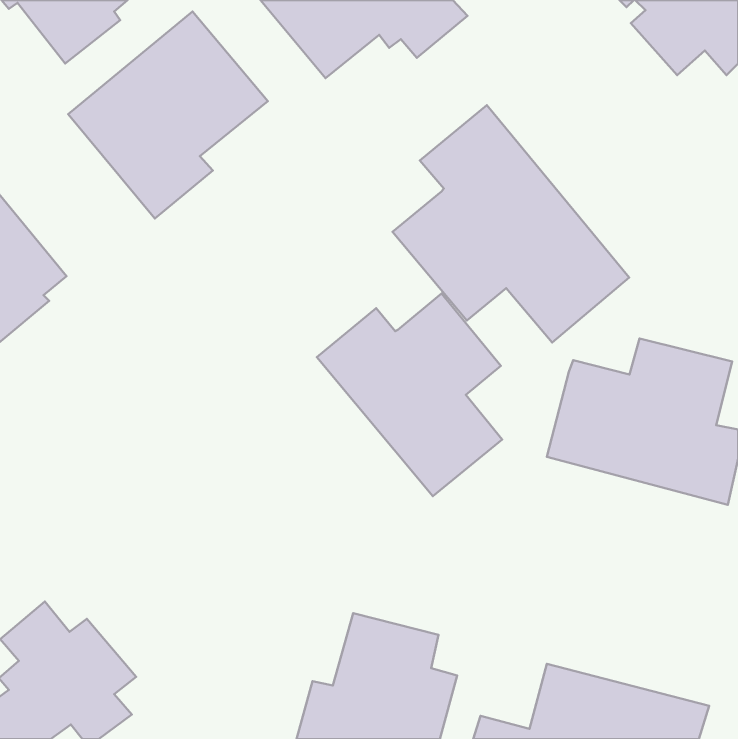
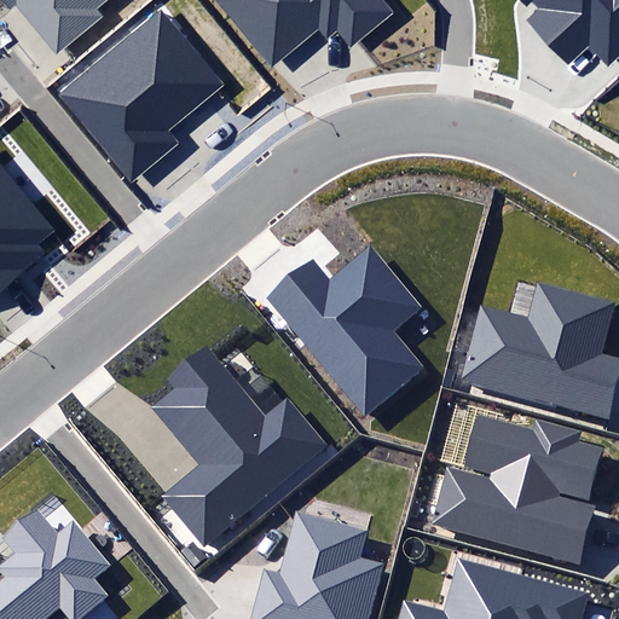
building: [393,105,629,343] -> none
building: none -> [151,346,324,549]
building: none -> [430,417,607,562]

